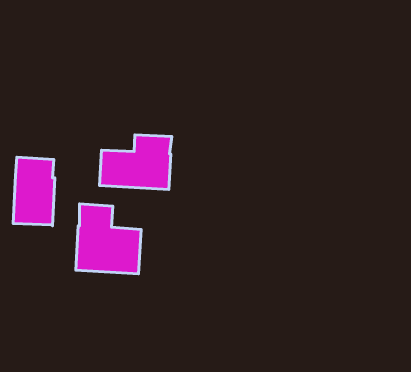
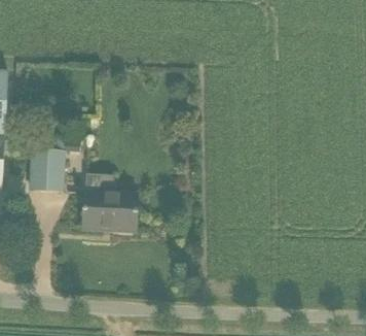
building: [99,135,172,189] -> none

